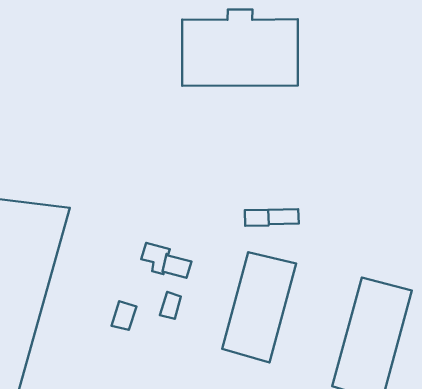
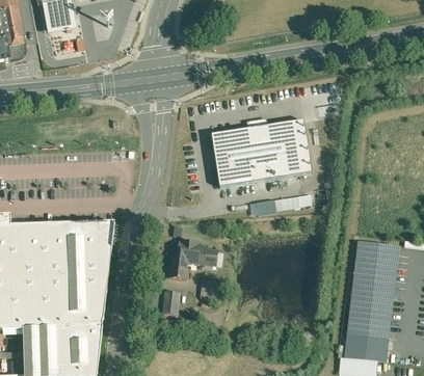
building: [182,10,298,86] -> [211,116,312,186]
building: [222,252,296,362] -> none
building: none -> [168,252,188,278]

